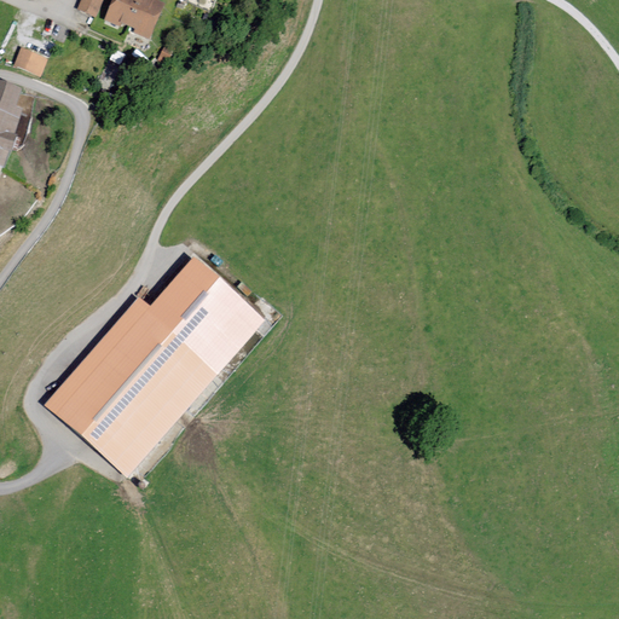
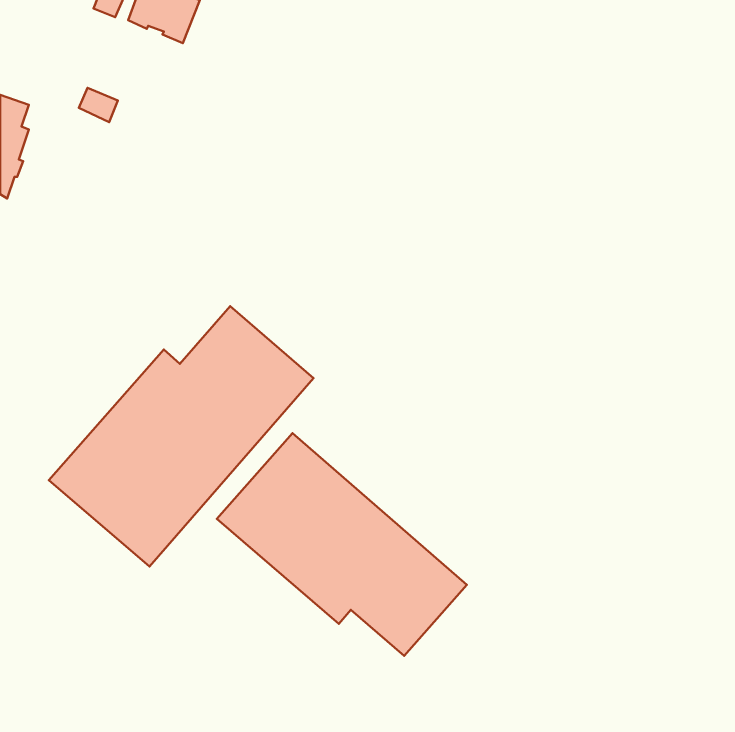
building: [16,47,48,76] -> [79,88,118,122]
building: none -> [217,433,467,656]

